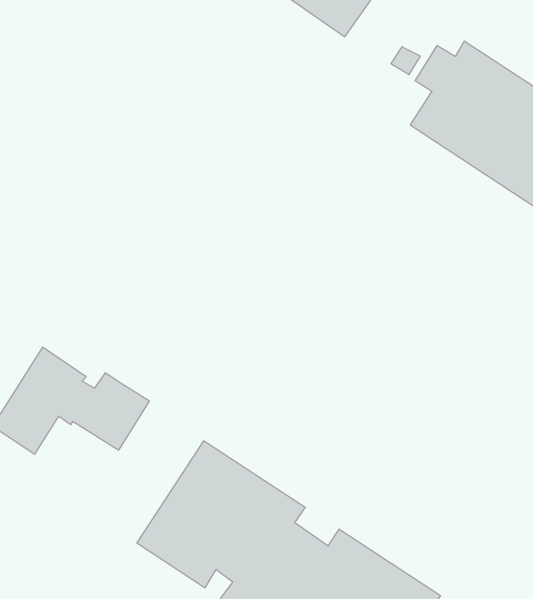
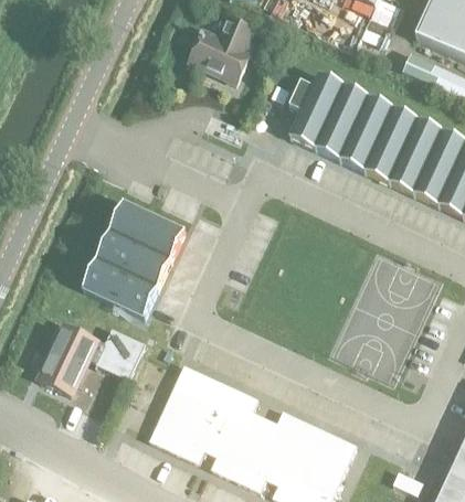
building: none -> [82,201,184,316]

